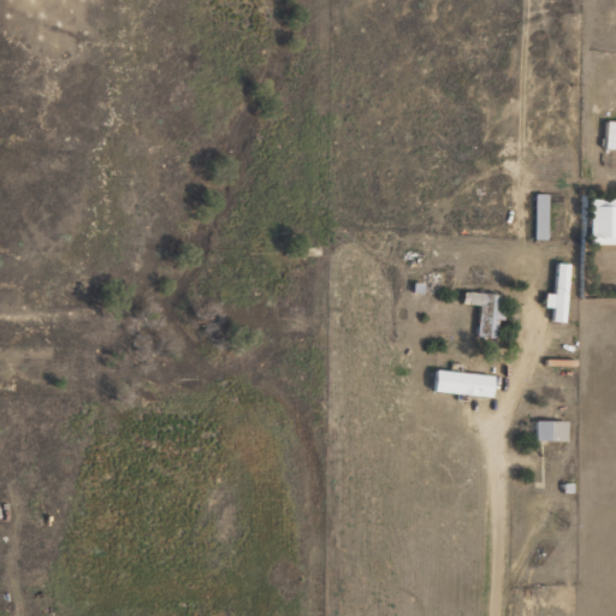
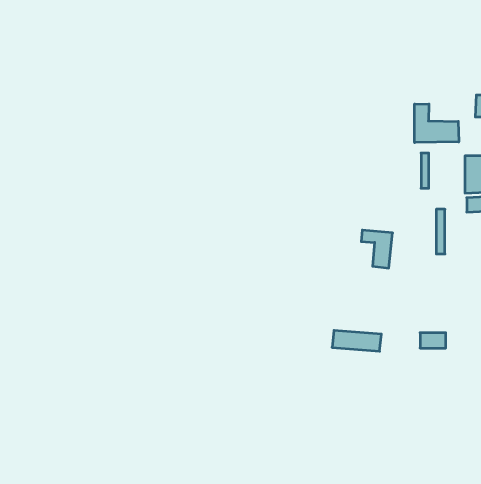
building: none -> [415,104,459,143]
building: [433,371,496,397] -> [332,330,381,351]

